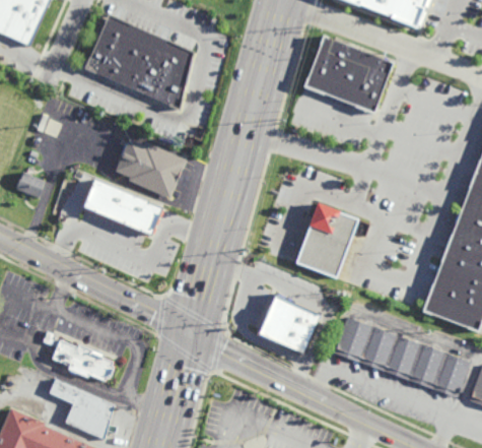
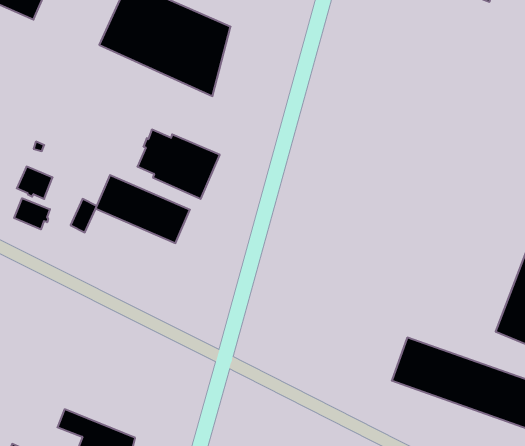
building: [305,35,396,113] -> none
building: none -> [14,198,50,229]
building: [296,204,358,276] -> none
building: [259,296,320,354] -> none
building: [43,332,119,385] -> none

